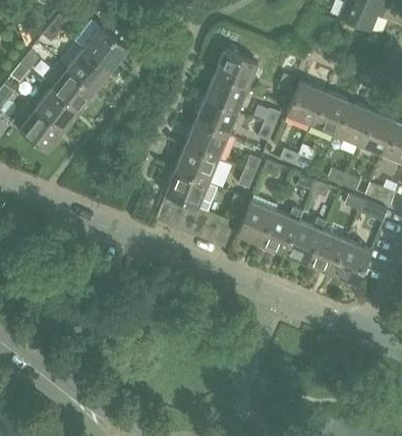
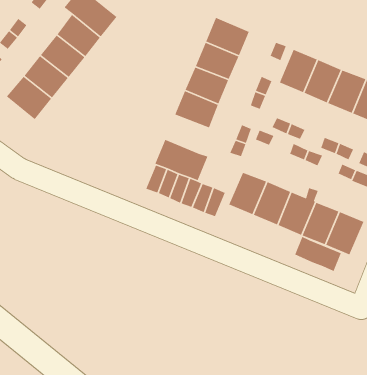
building: [174,147,218,184] -> none
building: none -> [294,236,342,272]

